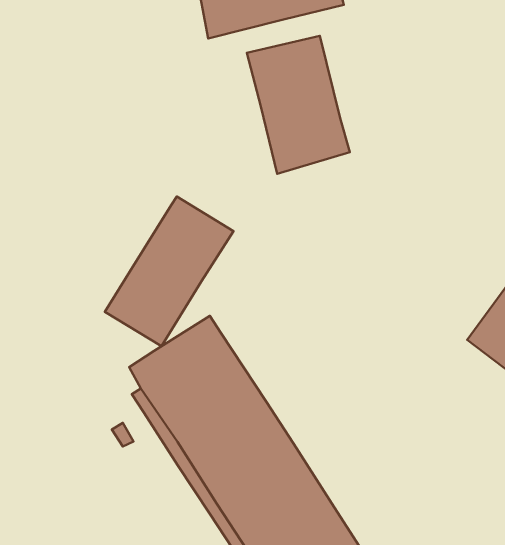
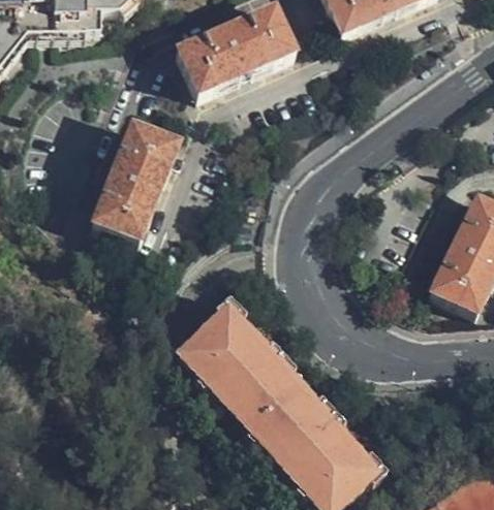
building: [247,36,350,174] -> none
building: [105,197,233,346] -> [94,123,180,236]

